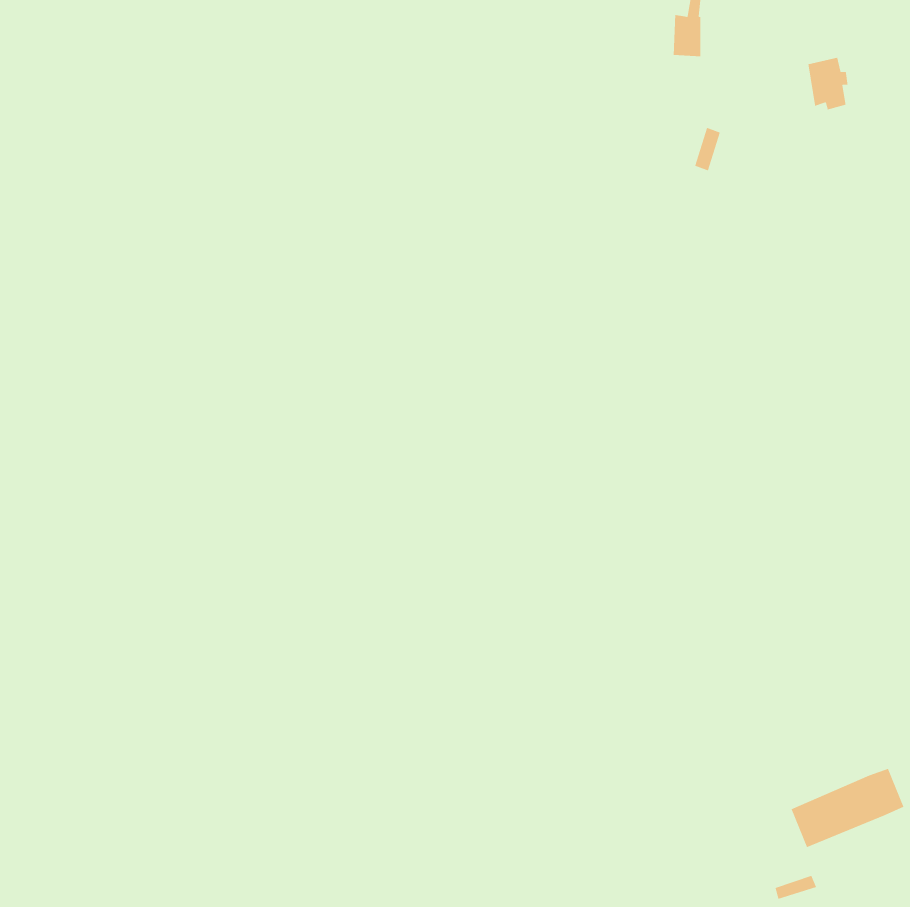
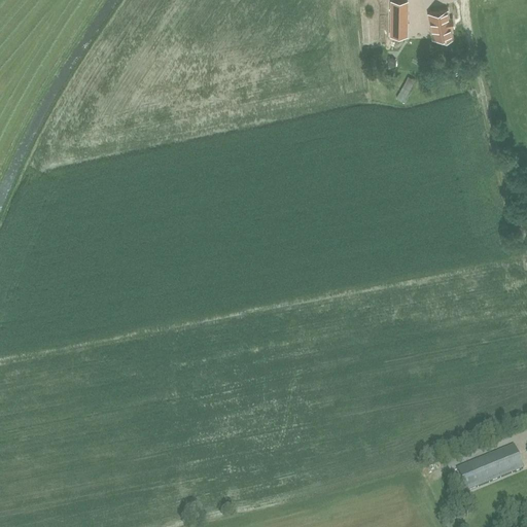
building: [807,57,848,110] -> [428,7,452,38]

